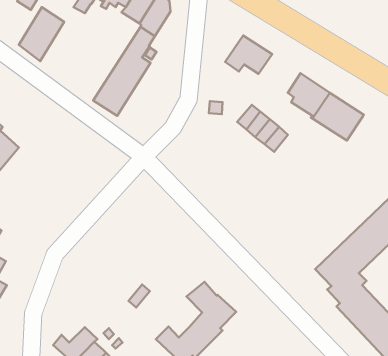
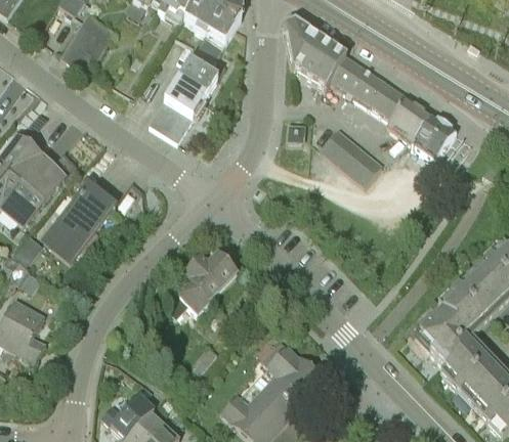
building: none -> [285,21,329,77]
building: none -> [347,68,397,114]
building: none -> [44,183,115,260]
building: none -> [162,251,237,314]

